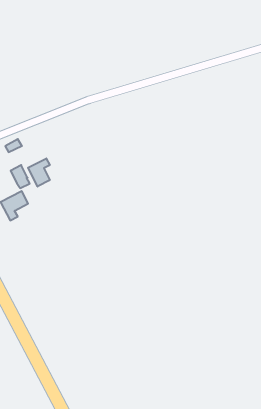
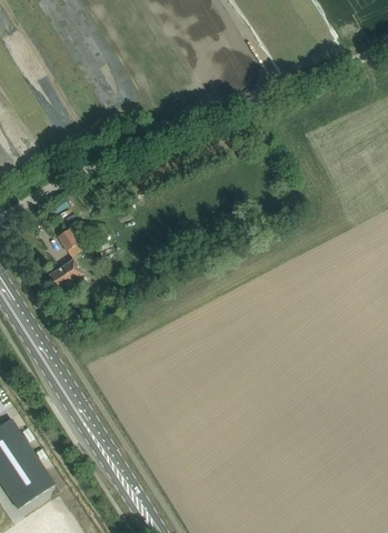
building: [28,158,50,187] -> none

